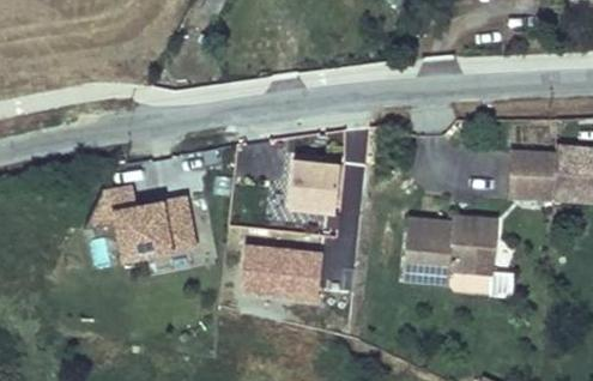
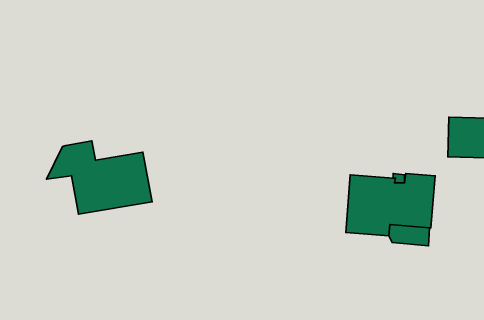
building: [288,156,341,211] -> none
building: [241,242,323,302] -> none

